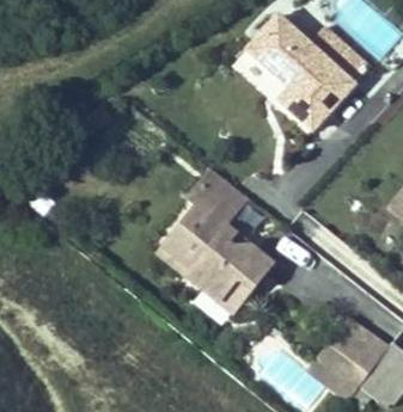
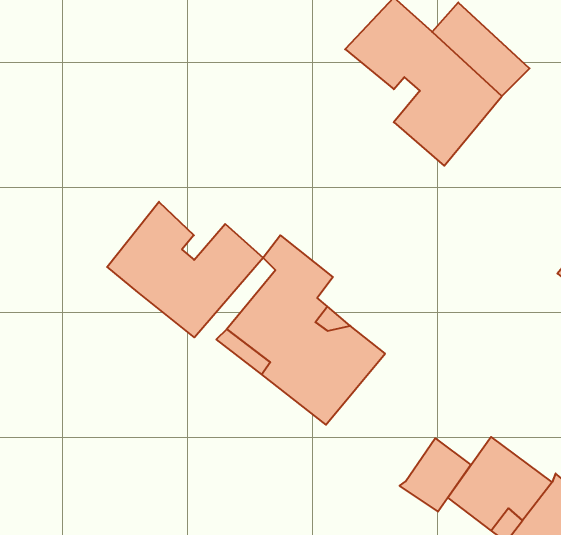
building: none -> [107,202,263,337]
building: none -> [400,438,471,512]

